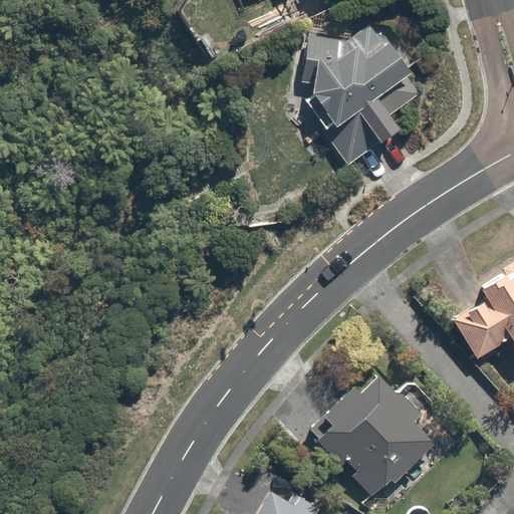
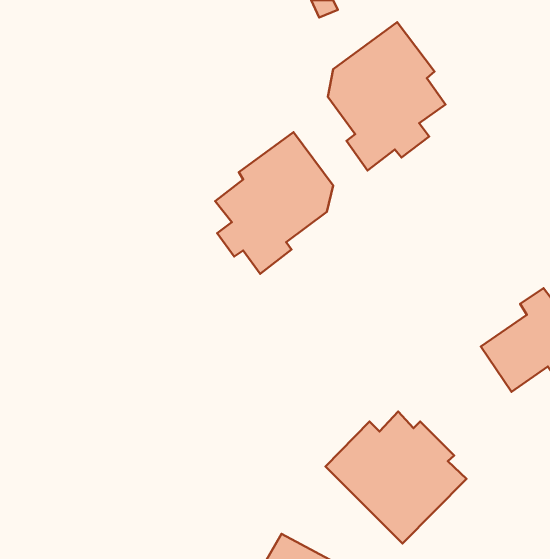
building: none -> [215,132,333,274]

